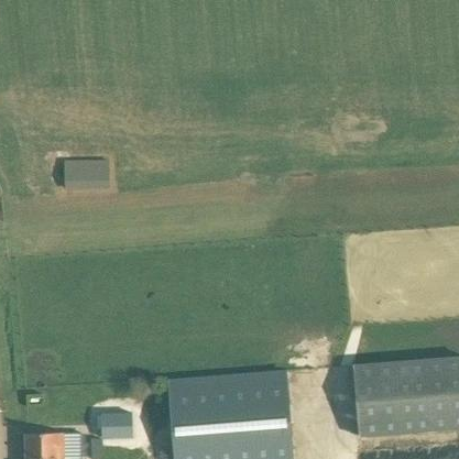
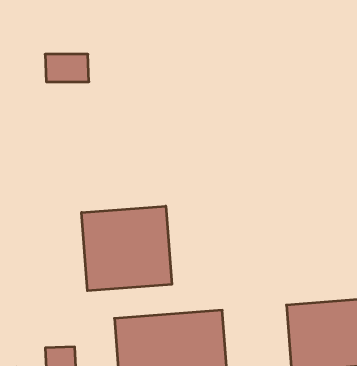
building: [63,159,110,188] -> [45,54,89,82]
building: none -> [82,206,172,291]

